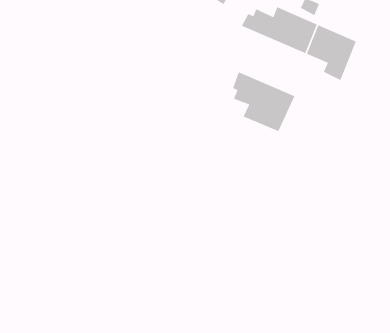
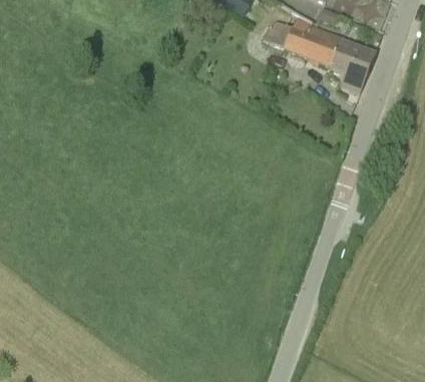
building: [232,71,295,132] -> none

